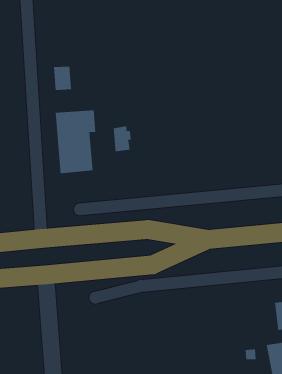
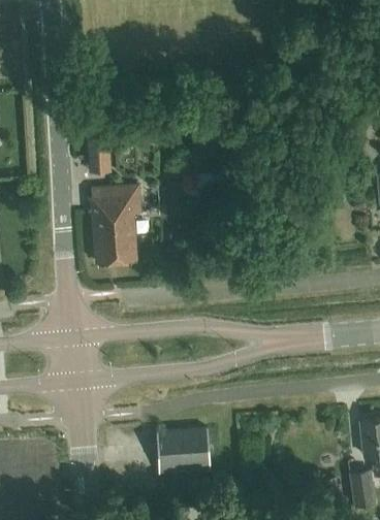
building: [113,126,132,152] -> none
building: none -> [156,430,211,477]

